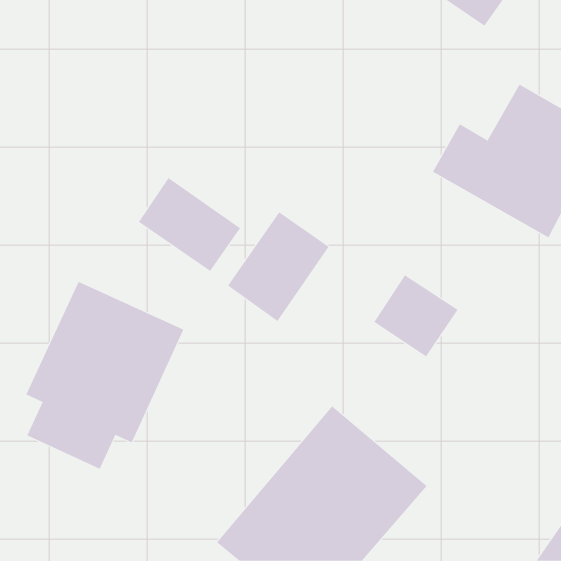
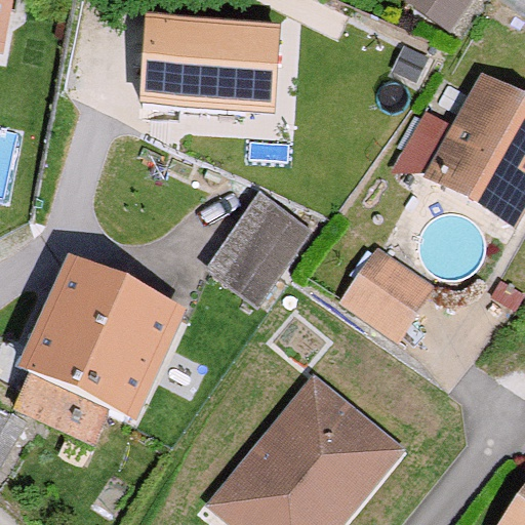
building: none -> [146,16,280,104]
building: [138,177,241,272] -> none

